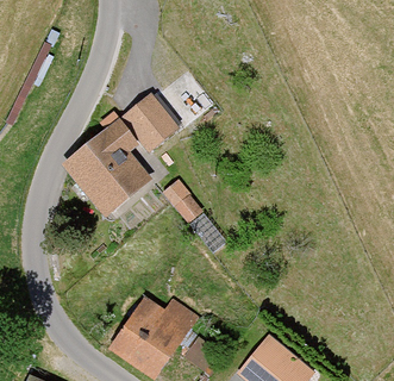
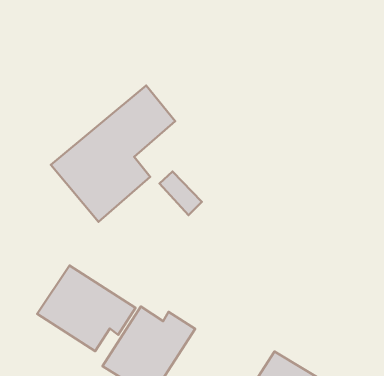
building: none -> [37,266,135,351]

